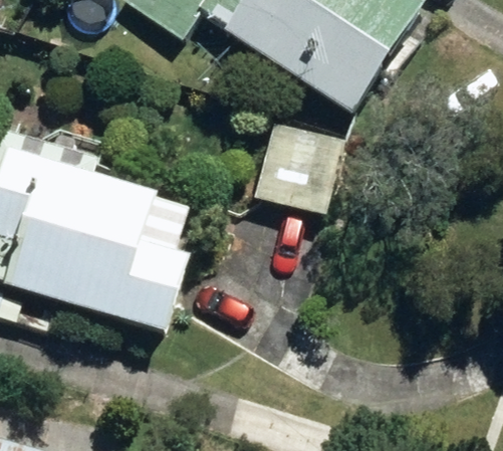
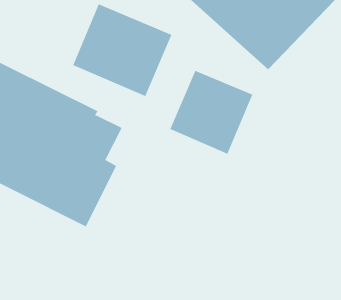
building: none -> [72,3,172,97]

